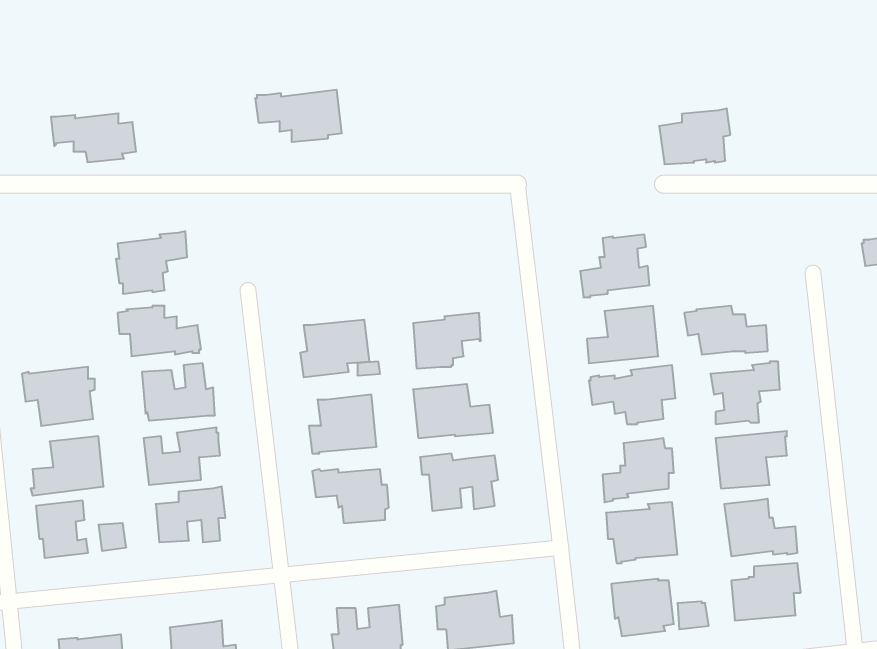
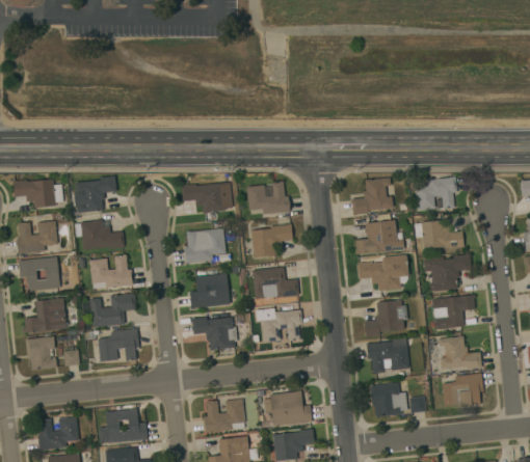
building: [255,90,342,142] -> [181,182,233,213]
building: [659,109,730,164] -> [415,176,457,210]
building: [51,113,136,162] -> [12,179,63,208]
building: none -> [246,181,290,214]
building: none -> [17,221,57,254]

